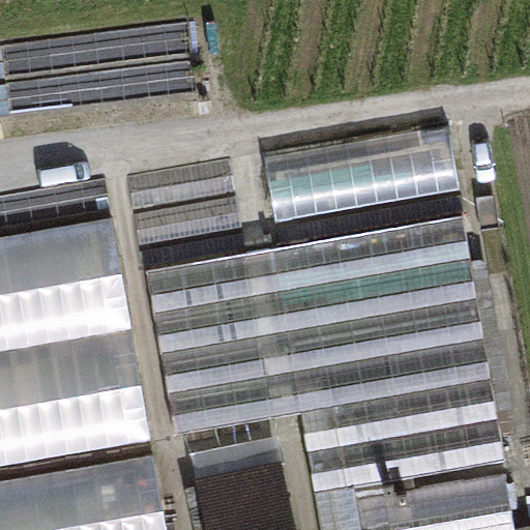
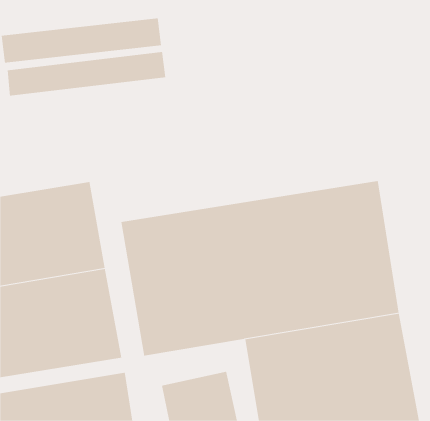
building: [268,125,464,222] -> none

